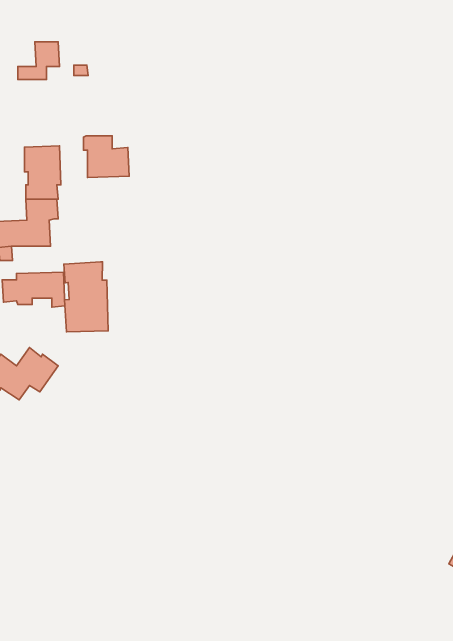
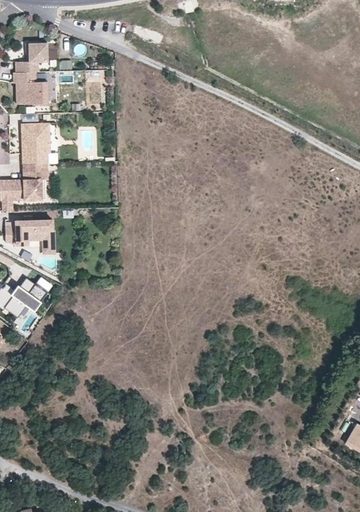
building: [84,136,129,178] -> [14,72,49,104]
building: [64,262,108,332] -> none

